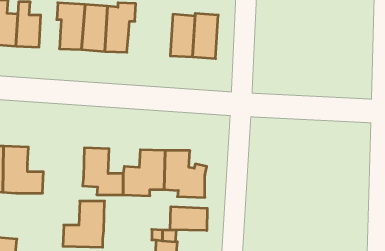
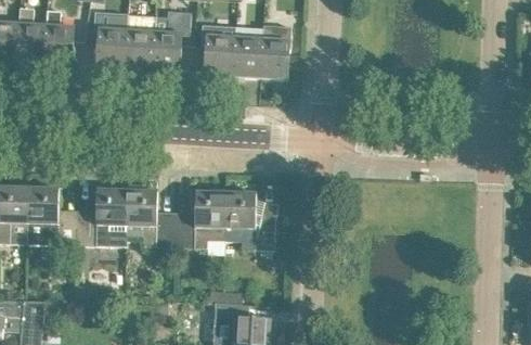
building: none -> [199,24,235,76]
building: [63,201,105,247] -> [76,189,127,245]
building: [170,207,207,231] -> none

